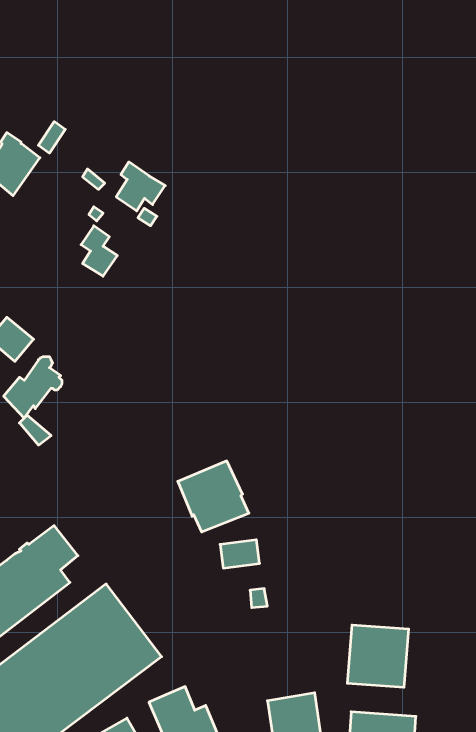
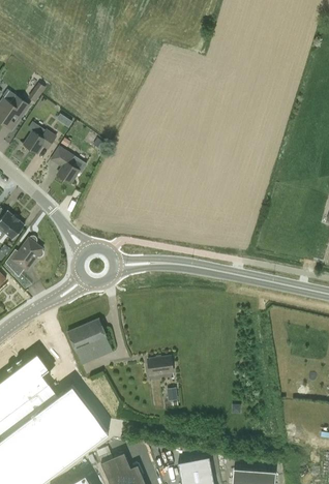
building: [116,162,165,211] -> [24,122,56,154]
building: [178,461,249,532] -> [66,319,113,365]
building: [347,625,409,687] -> none

